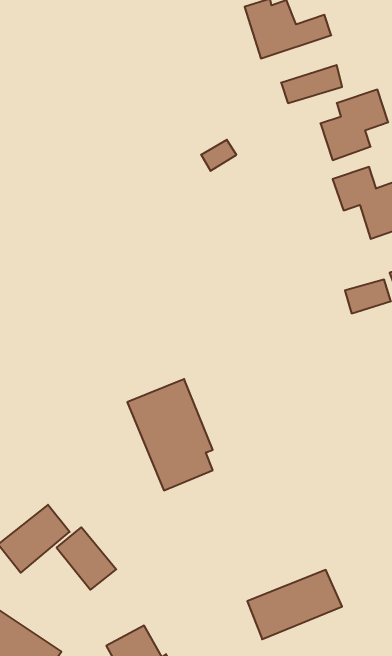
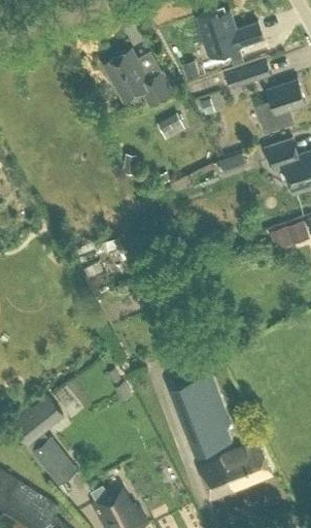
building: none -> [104,48,174,106]
building: [127,379,213,490] -> [168,372,233,457]
building: [57,527,116,590] -> [32,437,77,485]

